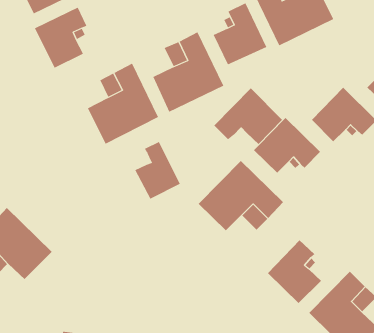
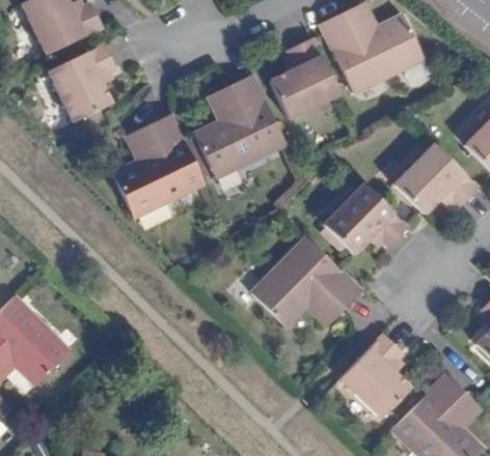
building: [213,87,283,145] -> none
building: [135,141,180,199] -> none

